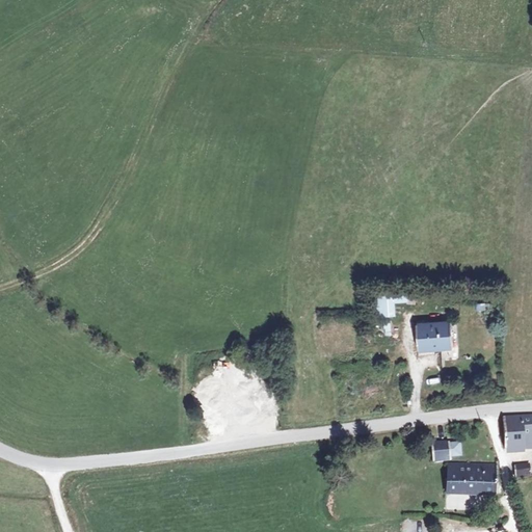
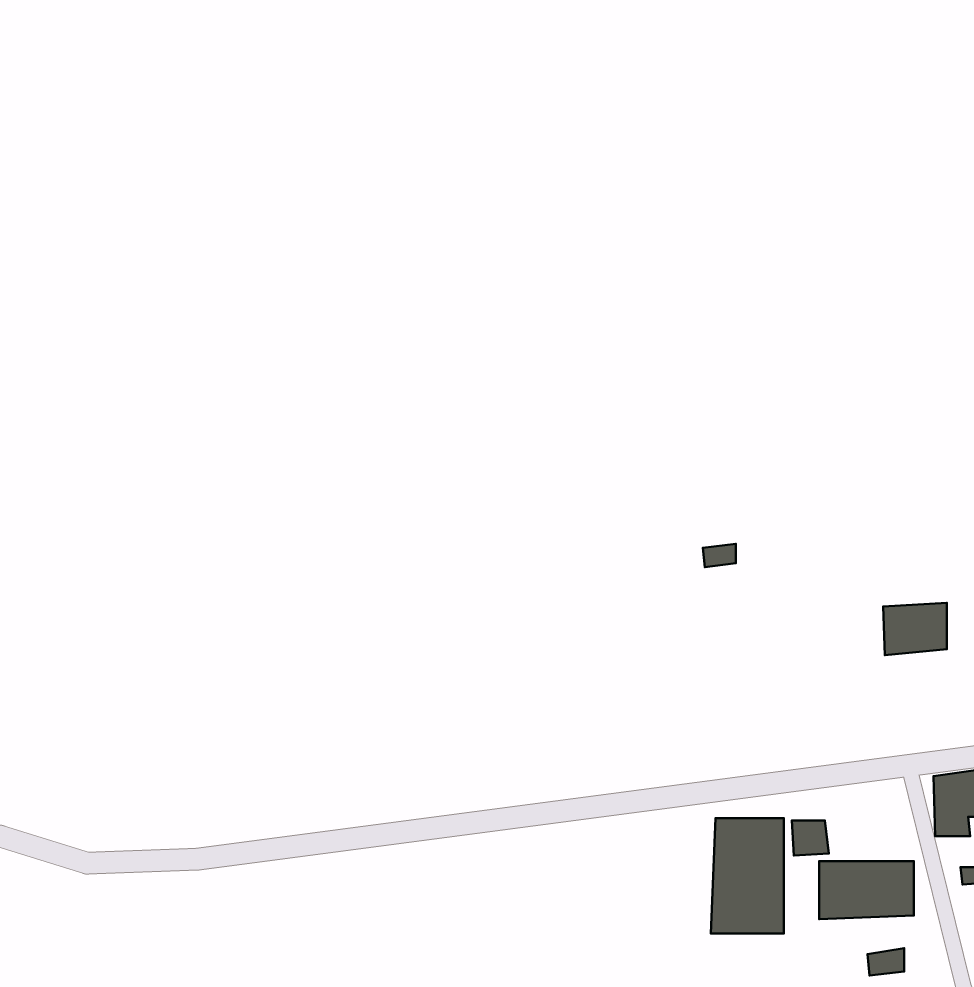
building: [414,325,448,353] -> [883,603,947,655]
building: none -> [711,818,784,933]

